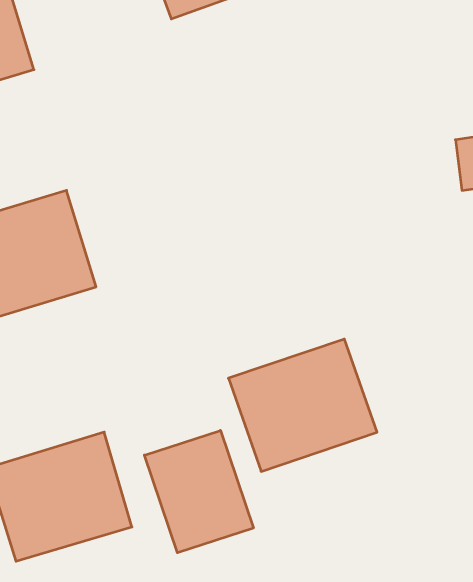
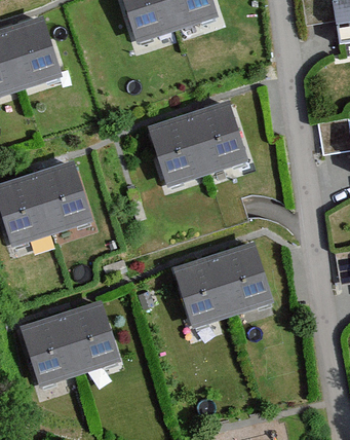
building: none -> [147,101,240,184]
building: [144,430,253,553] -> none

